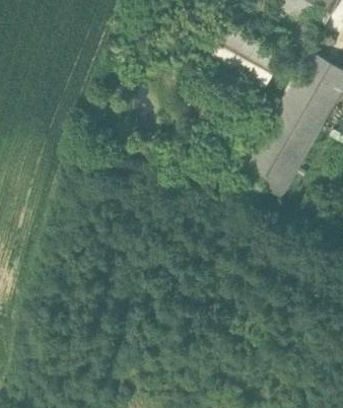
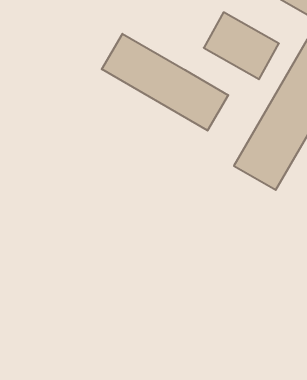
building: none -> [102,34,228,131]

